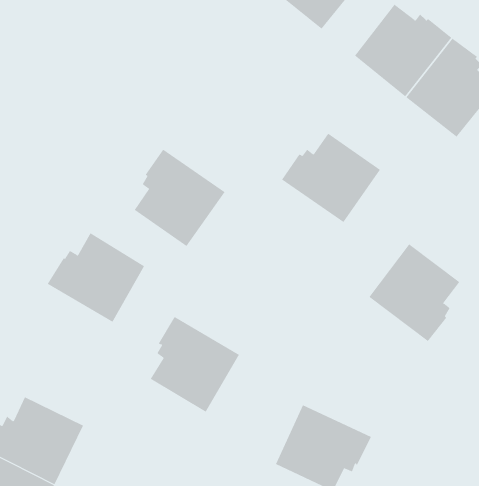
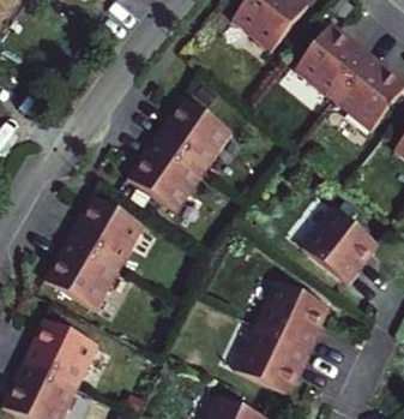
building: [281,133,381,223] -> [153,101,228,168]
building: [150,316,240,413] -> [49,237,116,309]
building: none -> [258,282,322,351]

